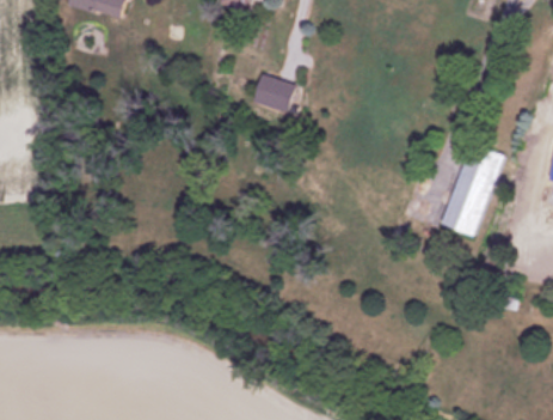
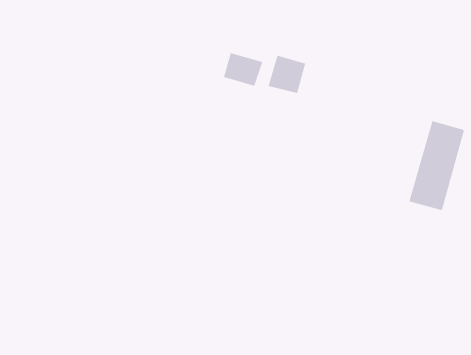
building: none -> [268,55,306,94]

